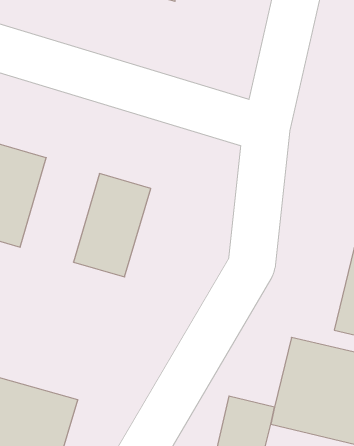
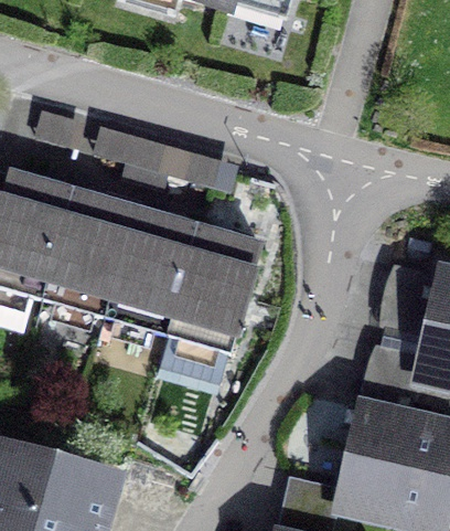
building: none -> [43,188,137,311]
building: none -> [167,224,267,349]

